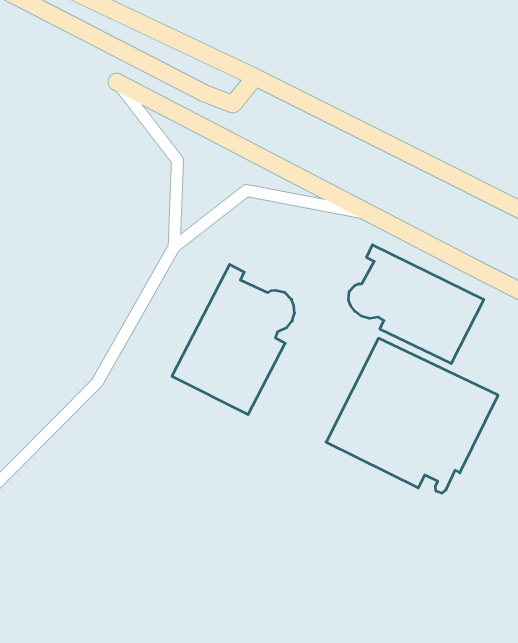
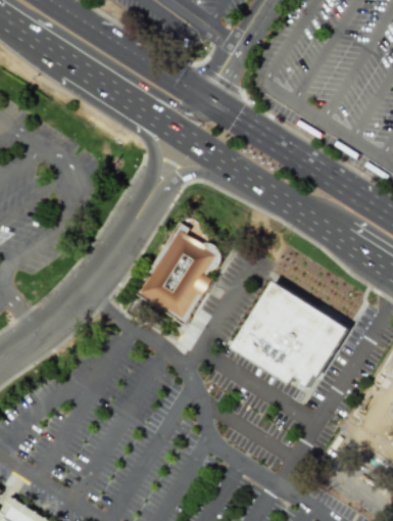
building: [349,245,484,364] -> none

